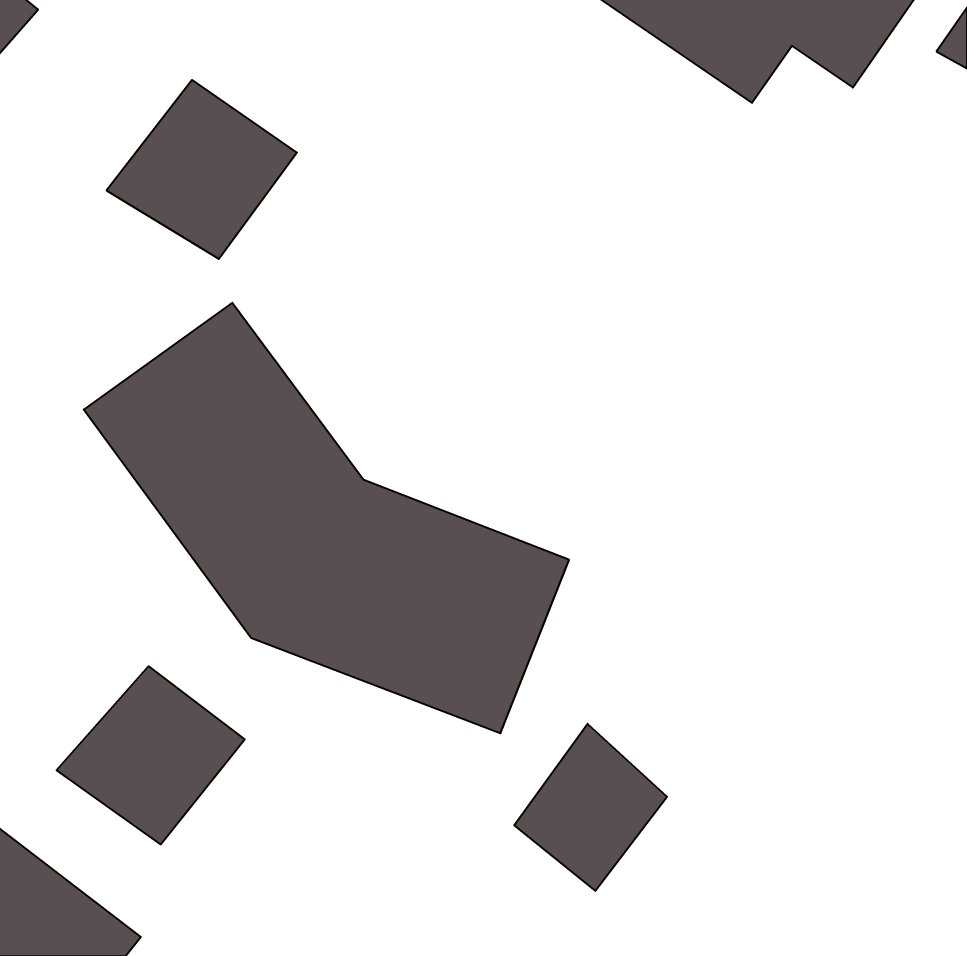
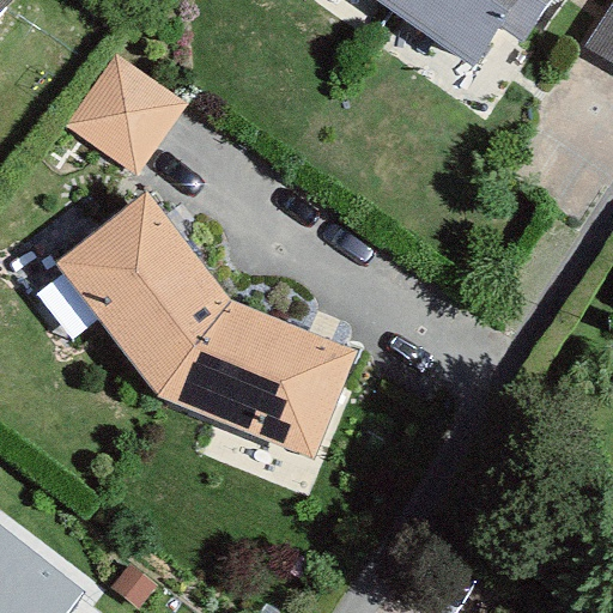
building: [57,666,245,844] -> none
building: [514,724,667,891] -> none

